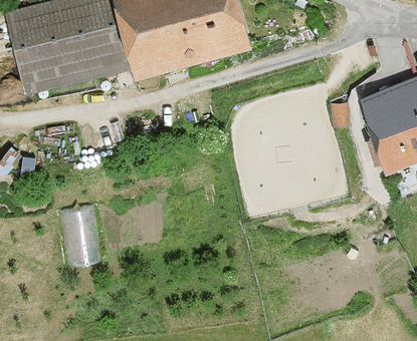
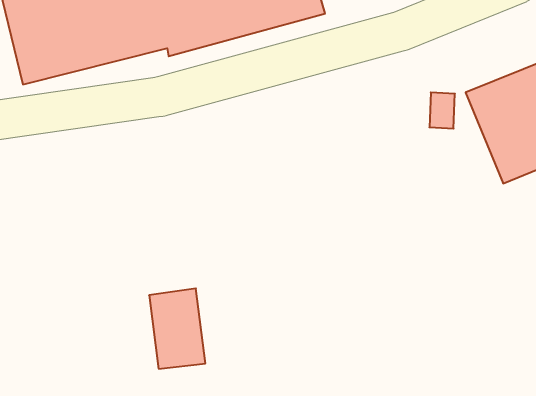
building: [60,204,102,264] -> [149,288,205,369]

